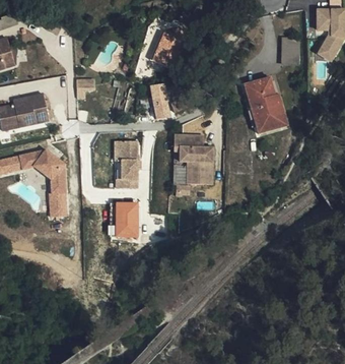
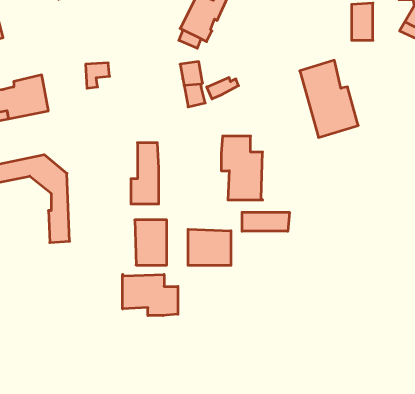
building: none -> [242,212,289,231]
building: none -> [188,229,231,265]
building: none -> [123,274,178,316]

